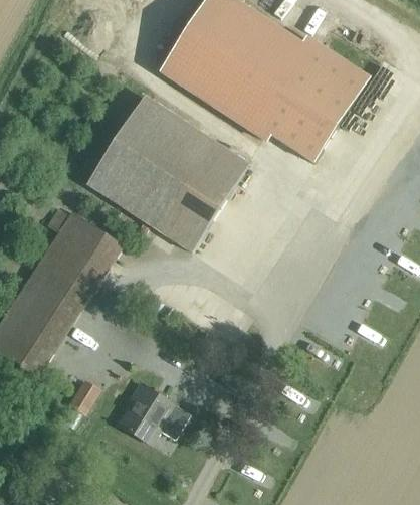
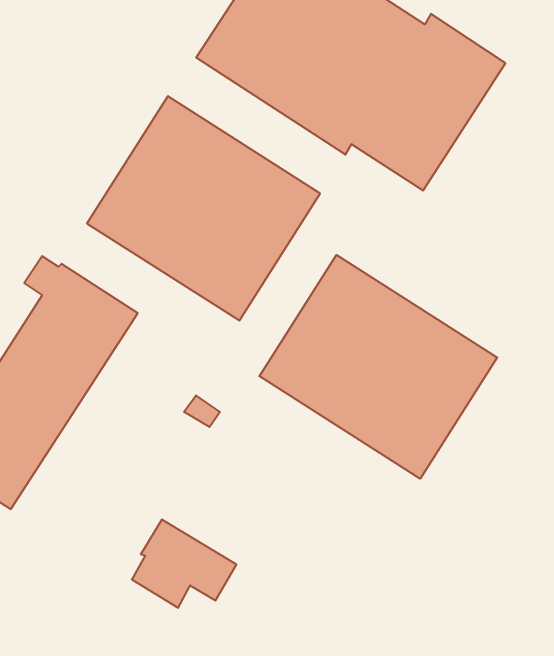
building: none -> [259,255,497,479]
building: [68,378,98,411] -> none

